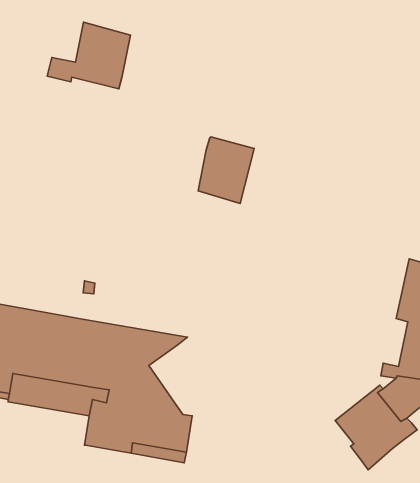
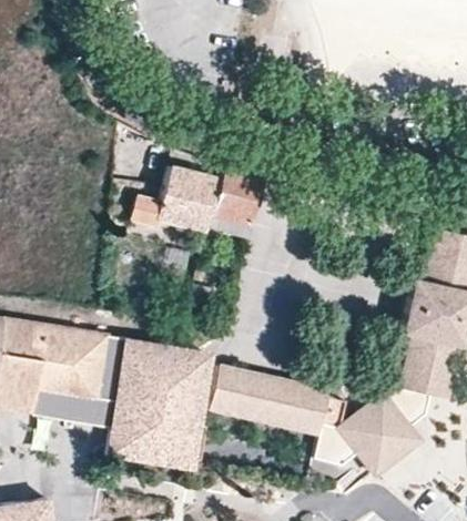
building: [47,22,130,89] -> [139,163,217,226]
building: none -> [163,353,207,426]
building: none -> [207,368,357,467]

